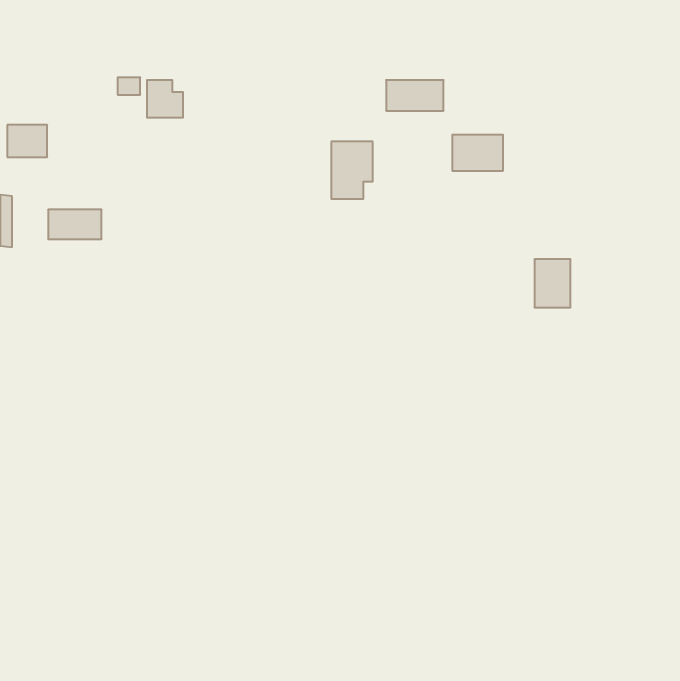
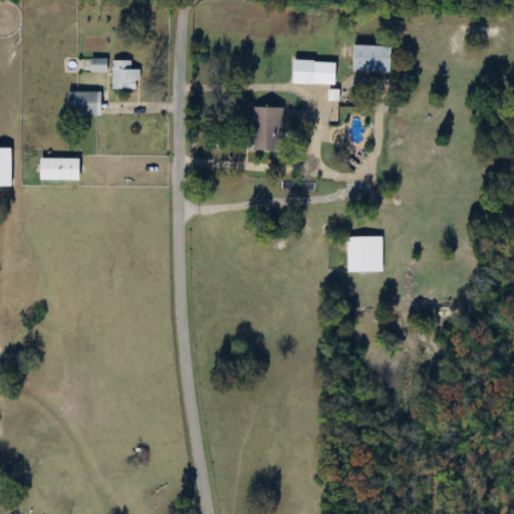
building: [7,125,47,157] -> [66,91,96,115]
building: [452,135,503,171] -> [352,44,391,71]
building: [534,259,571,307] -> [347,234,374,270]

